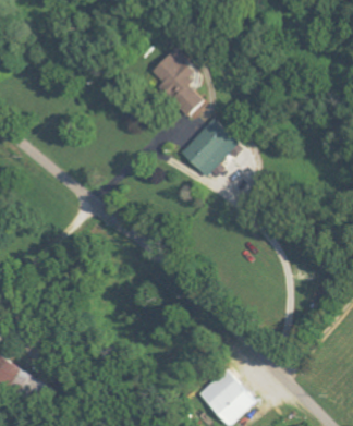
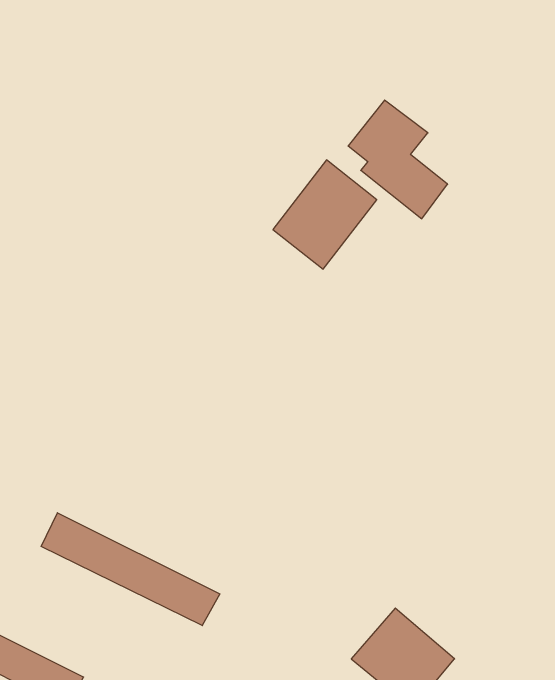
building: [151,50,204,118] -> [348,100,448,219]
building: none -> [41,513,220,626]

